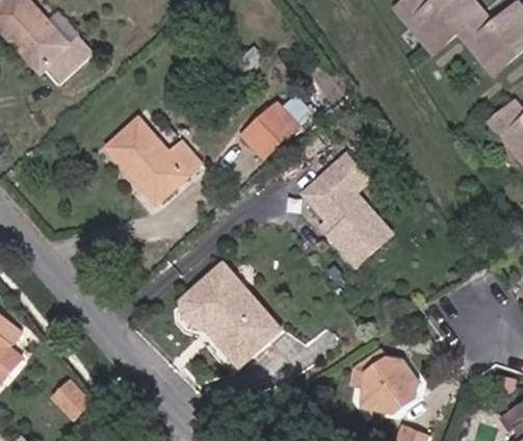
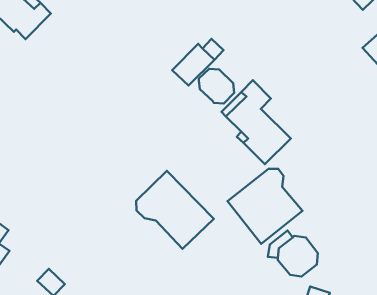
building: [106,119,200,202] -> none
building: none -> [199,69,234,104]
building: none -> [227,169,303,244]

